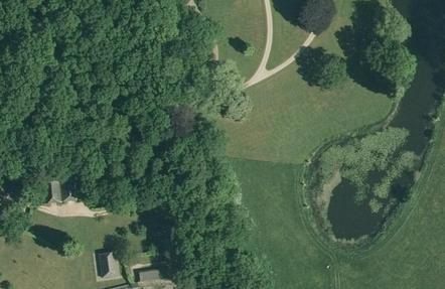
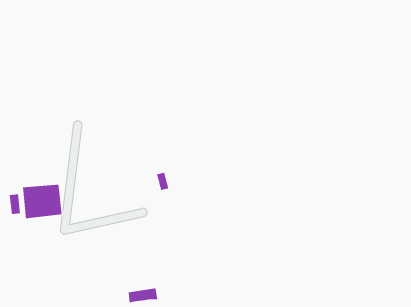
building: [98,252,117,278] -> none

